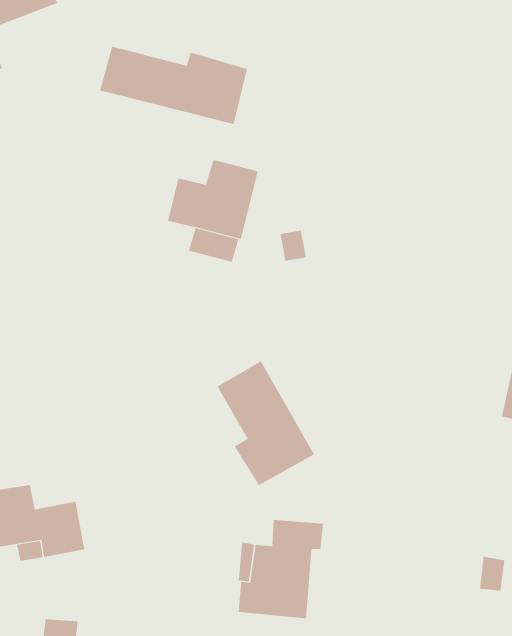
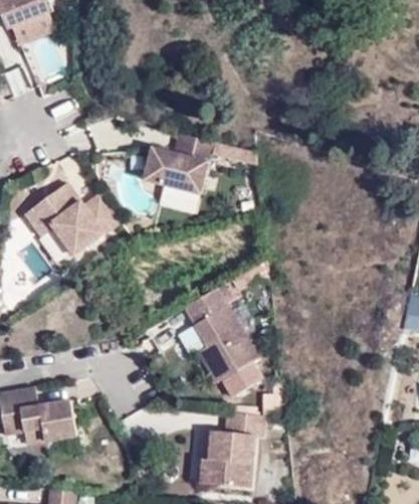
building: [99,46,247,125] -> none
building: none -> [25,181,123,255]

